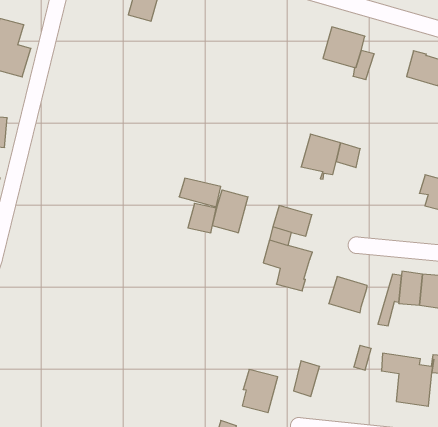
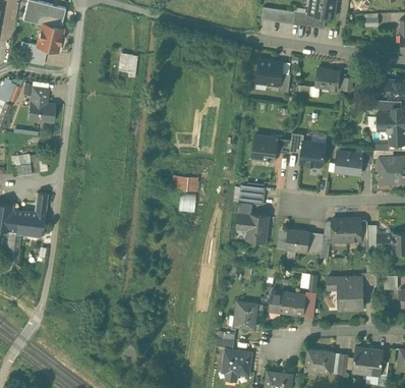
building: none -> [300,142,326,167]
building: [212,190,248,233] -> none
building: none -> [282,292,305,316]

